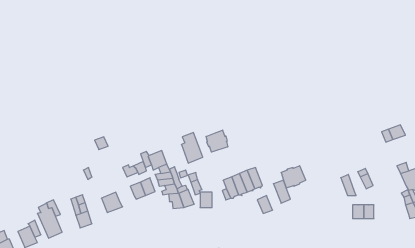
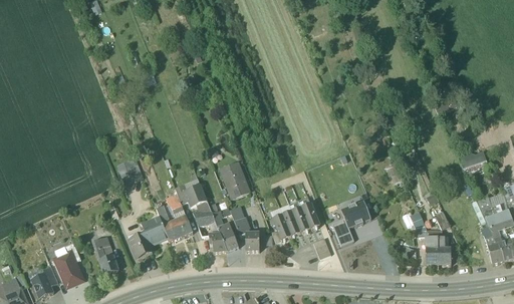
building: [206,130,228,152] -> none
building: none -> [142,217,168,245]

